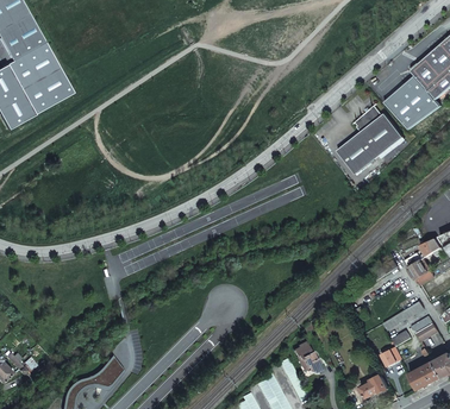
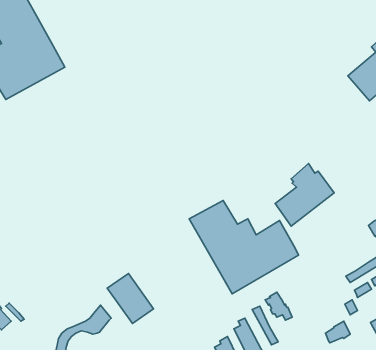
building: [339,105,405,174] -> [275,164,334,226]
building: none -> [189,200,299,294]
building: none -> [107,274,154,323]

